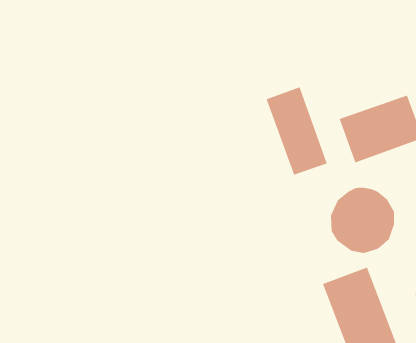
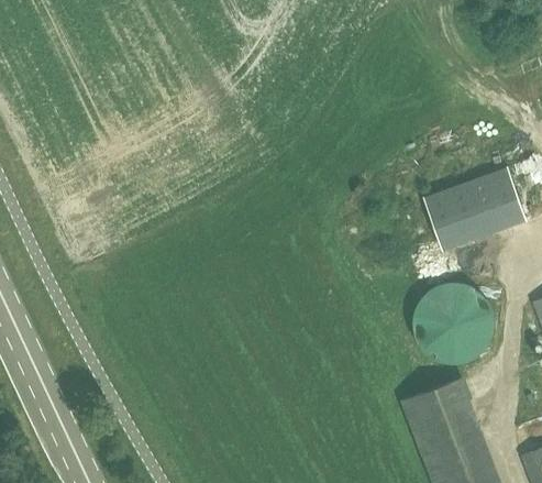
building: [266,87,328,175] -> none

